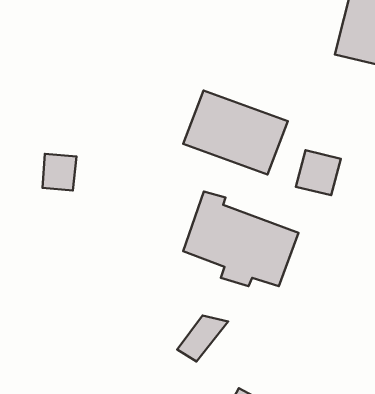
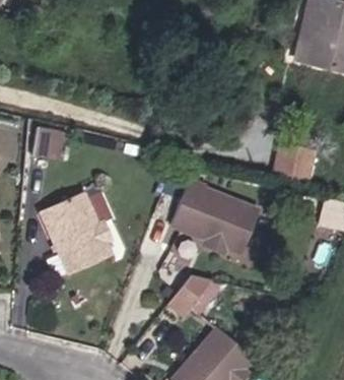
building: [183,91,288,174] -> none
building: none -> [36,184,110,270]

